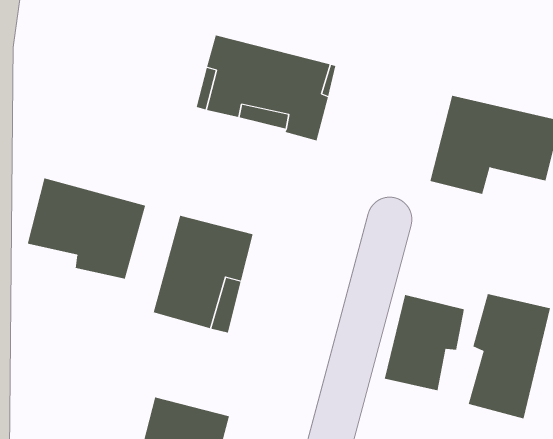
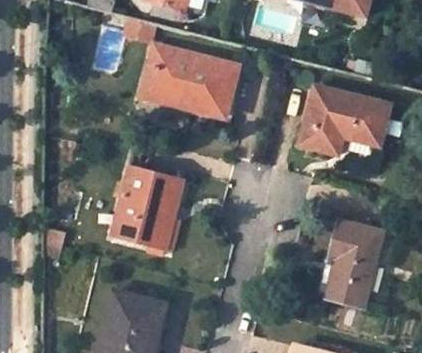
building: [27,177,146,280] -> none
building: [384,294,464,391] -> none

